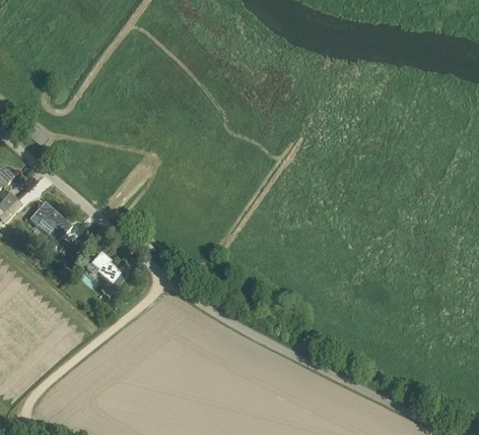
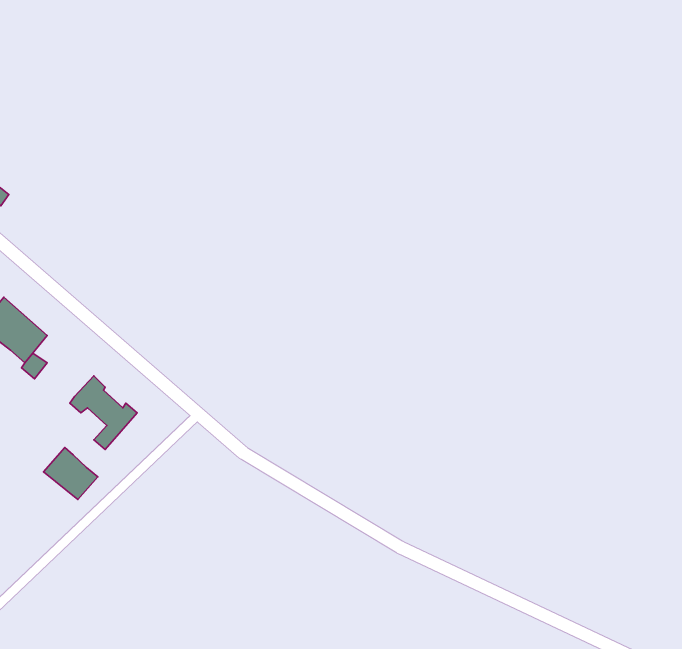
building: none -> [44,448,98,500]

